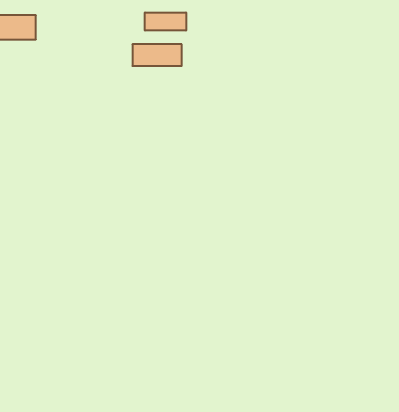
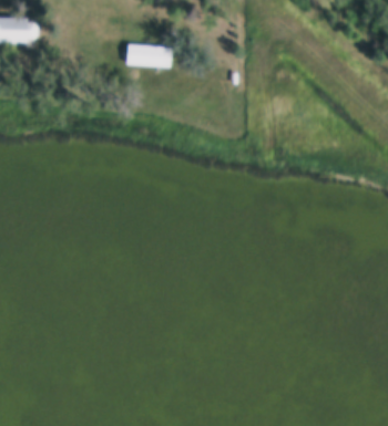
building: [145,12,186,31] -> none

